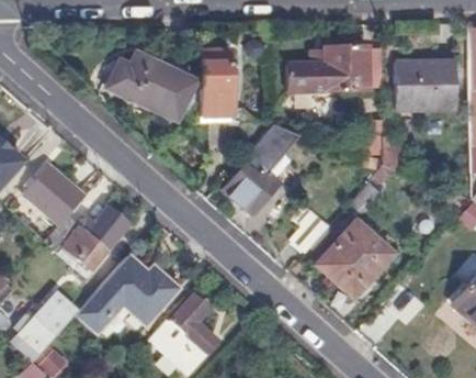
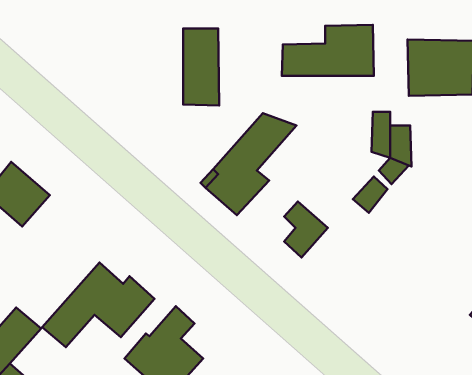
building: [107,48,201,122] -> none
building: [52,204,131,268] -> none
building: [316,219,394,298] -> none

